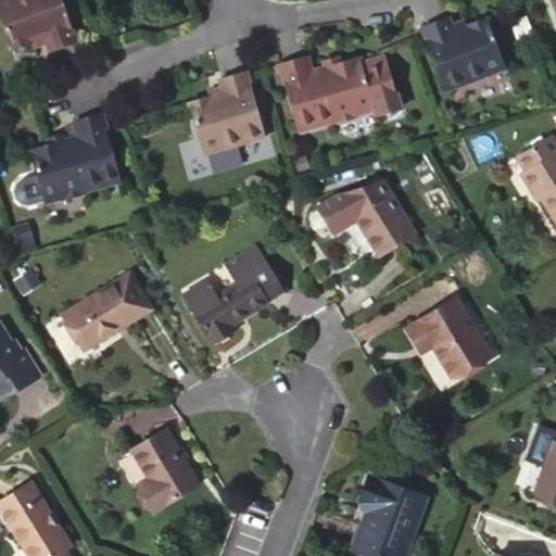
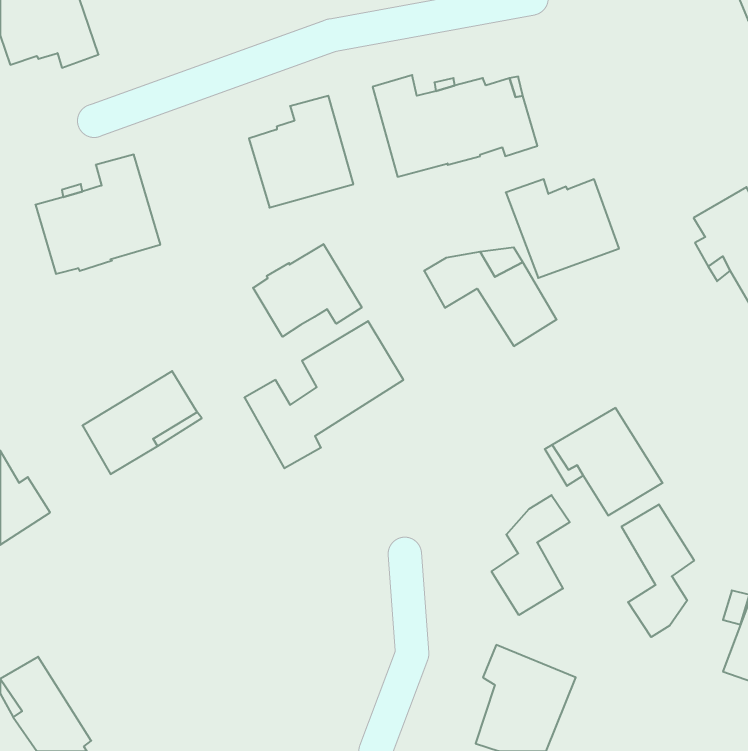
building: [422,18,506,91] -> [506,179,619,278]
building: none -> [253,244,362,337]
building: none -> [492,495,570,615]
building: none -> [622,504,694,637]
building: [135,431,200,510] -> none

